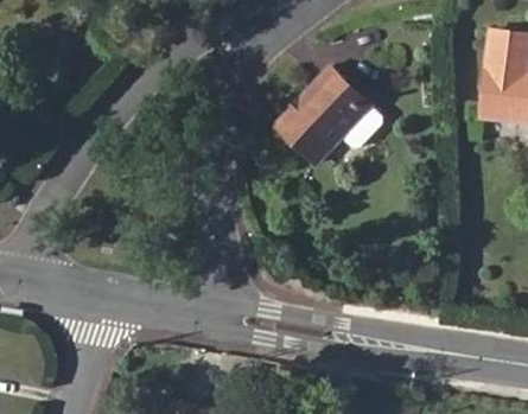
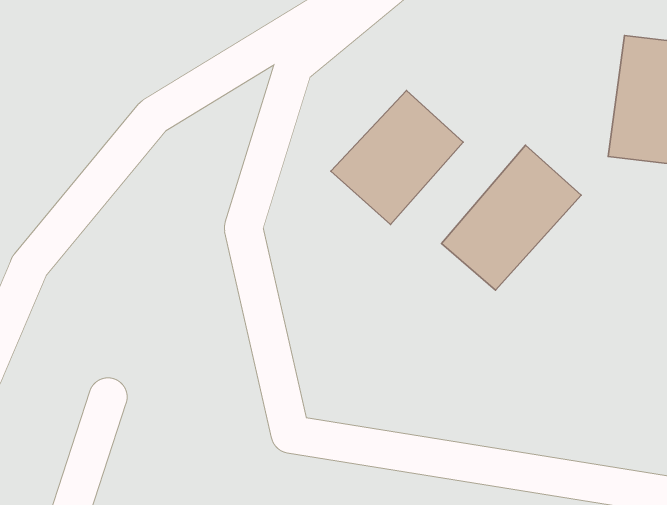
building: none -> [442,145,581,290]

